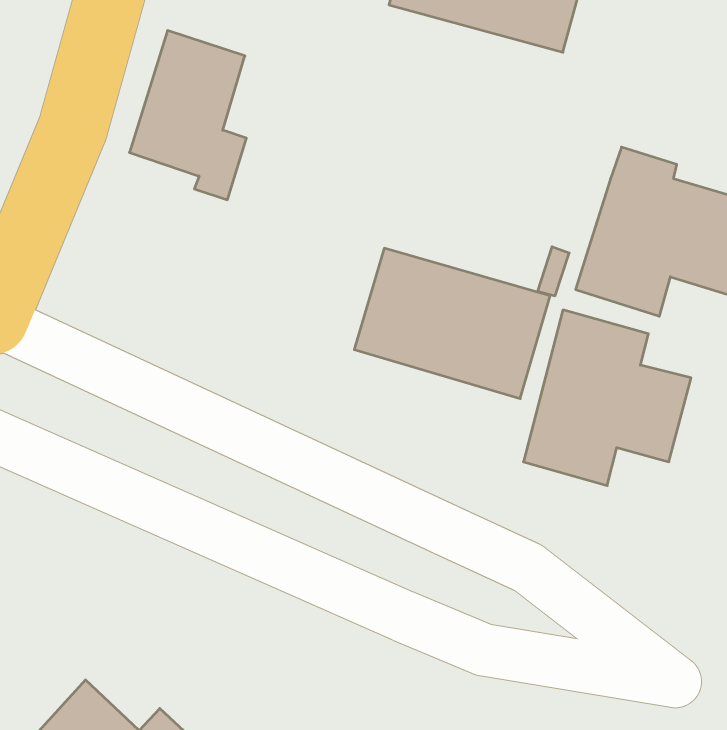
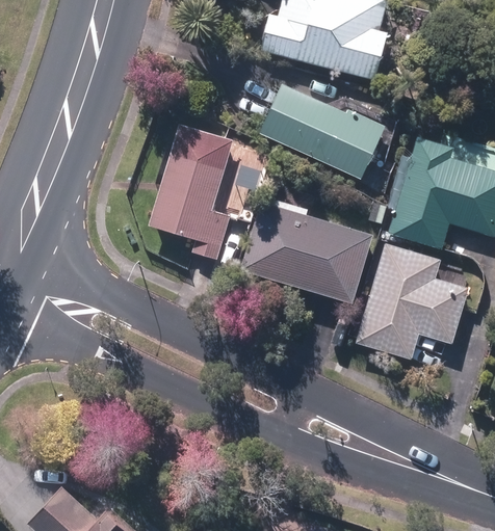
building: [129,31,246,200] -> [150,143,227,255]
building: none -> [262,82,383,175]

